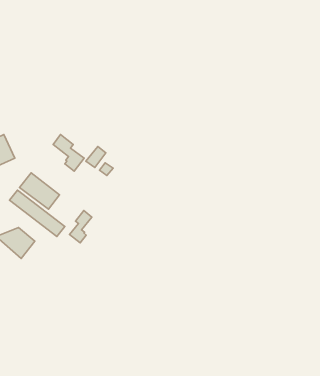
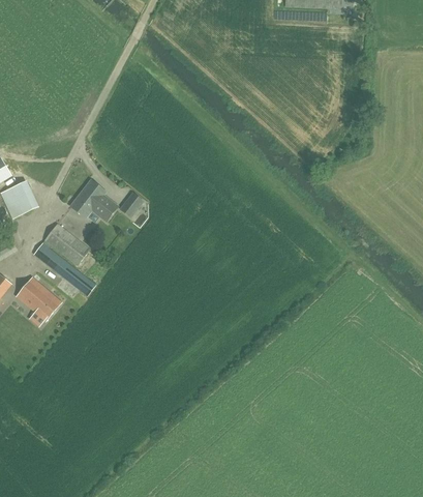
building: none -> [69,189,99,216]
building: [70,211,92,243] -> none

